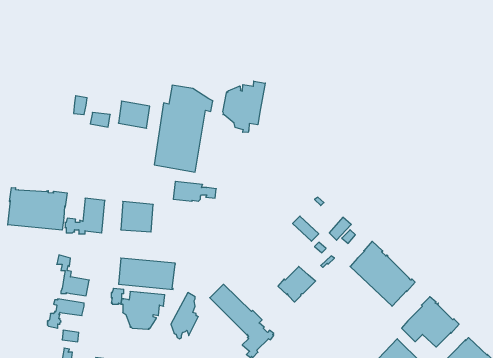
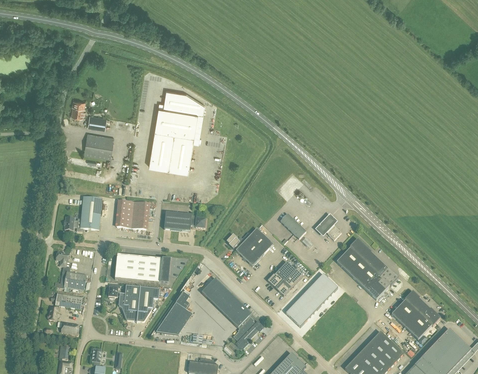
building: [223,81,265,132] -> none
building: [118,101,150,128] -> [84,131,114,157]
building: [173,181,216,201] -> [164,211,205,230]
building: [8,188,67,230] -> none
building: none -> [226,227,273,265]
building: none -> [285,273,338,330]

